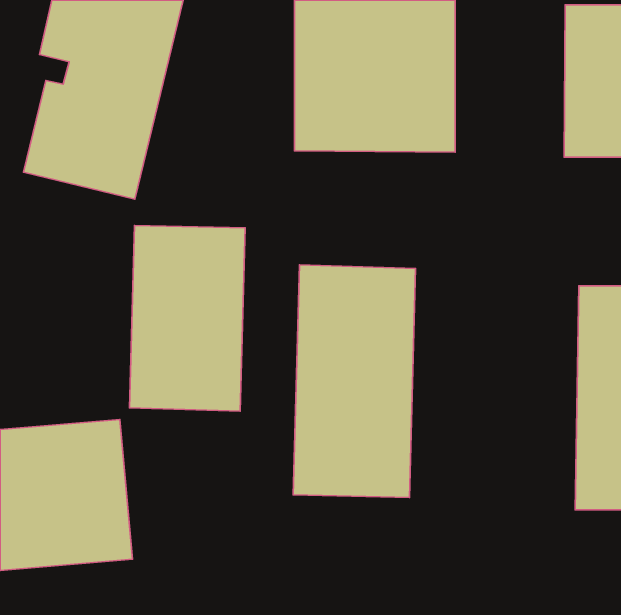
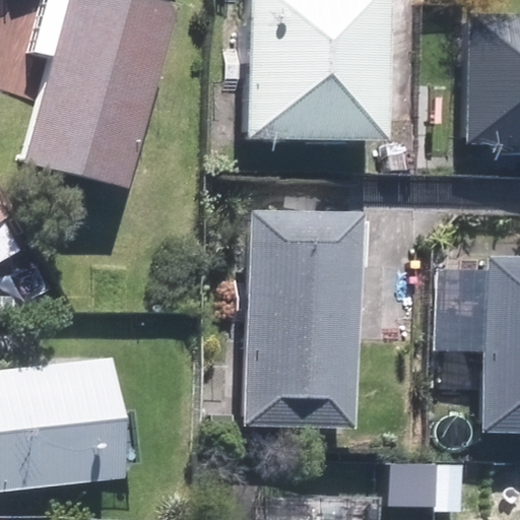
building: [130,225,245,411] -> none

